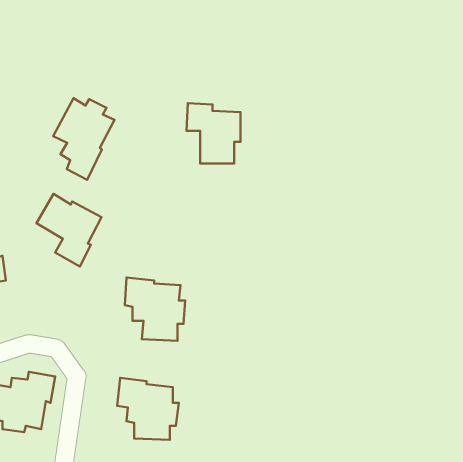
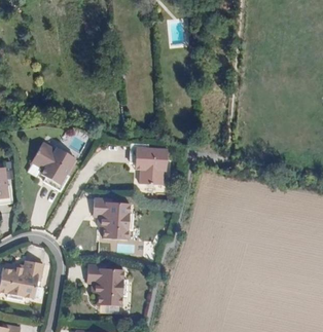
building: [53,98,115,180] -> none
building: [186,103,240,163] -> [131,141,167,181]

